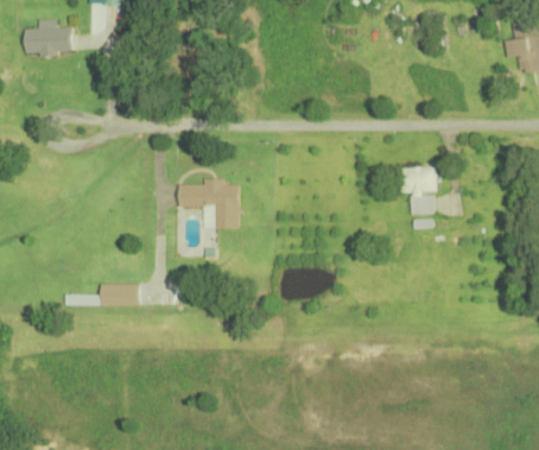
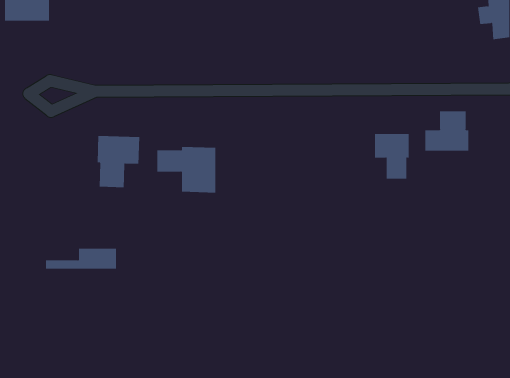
building: none -> [425,111,469,151]
building: none -> [97,135,140,188]

